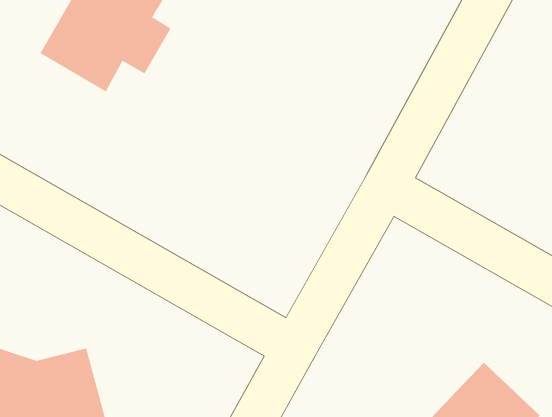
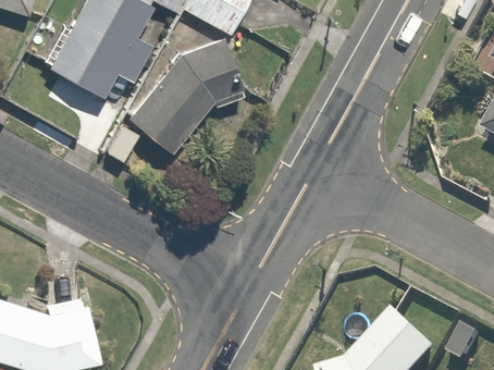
building: none -> [127,40,239,155]

